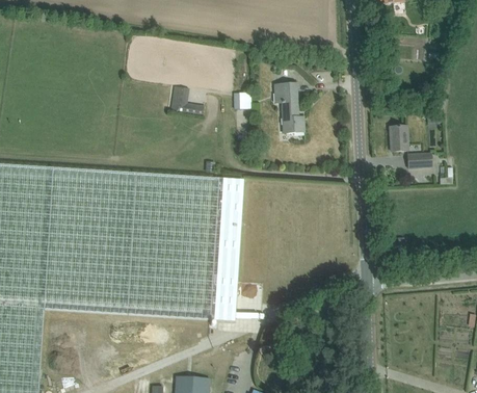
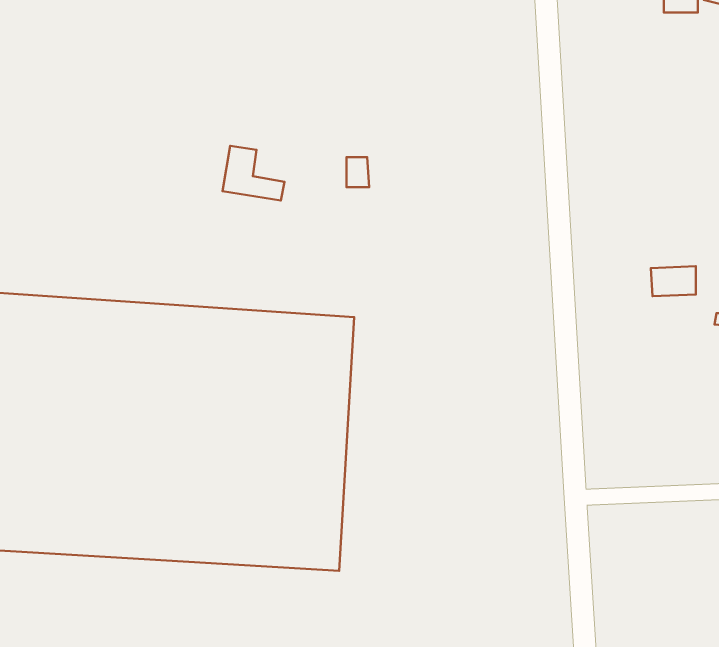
building: [273,82,304,133] -> none
building: [390,126,408,151] -> none

